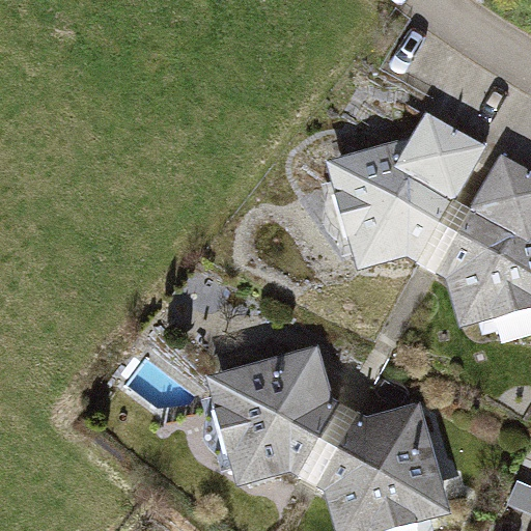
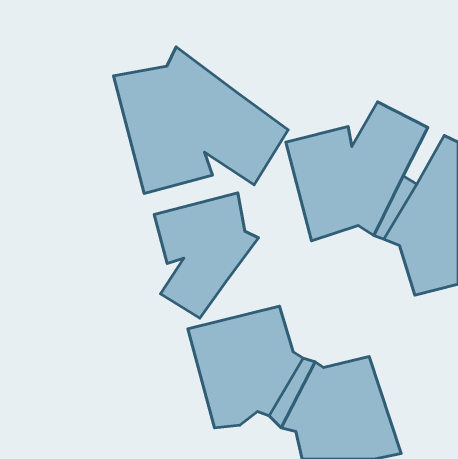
building: none -> [114,47,288,194]
building: none -> [154,193,258,318]

